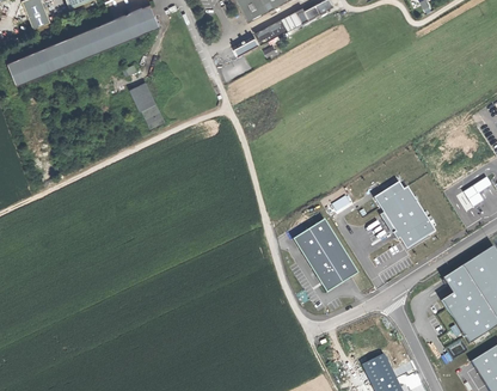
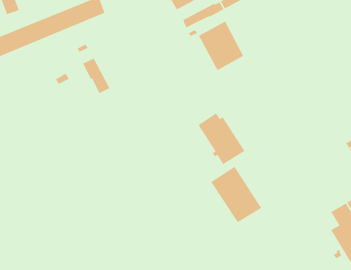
building: none -> [198,21,244,71]
building: [373,182,434,249] -> [197,113,246,165]

